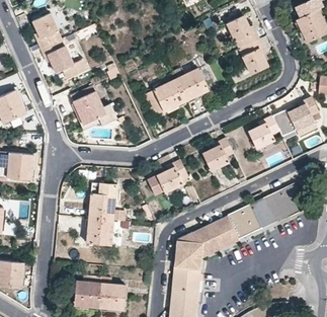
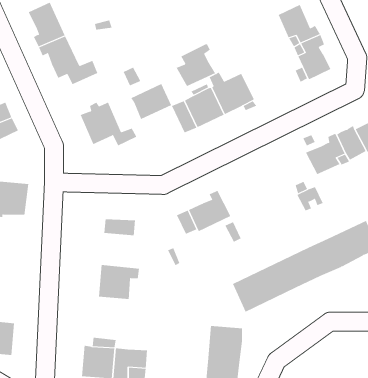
building: none -> [176,43,216,87]
building: none -> [130,83,172,120]
building: [202,137,233,170] -> none
building: [89,193,126,221] -> none
building: [174,233,201,267] -> none

